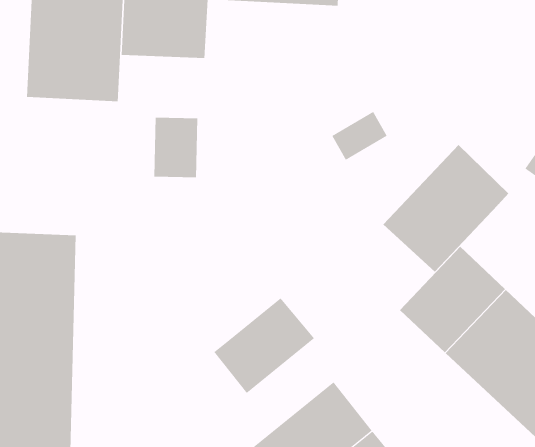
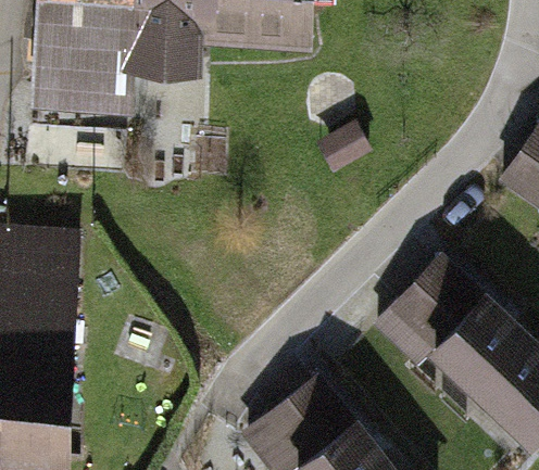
building: [382,144,509,273] -> none
building: [214,297,315,394] -> none

